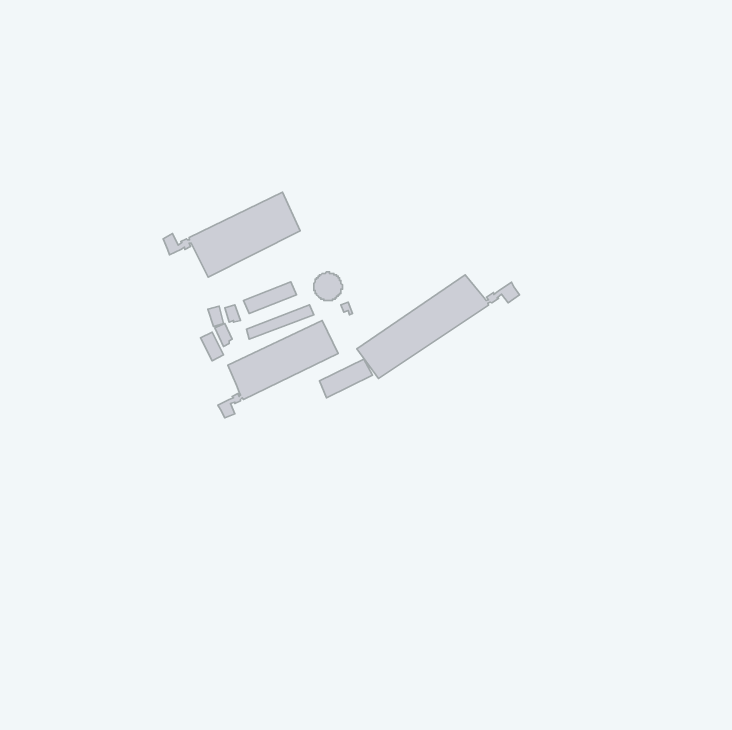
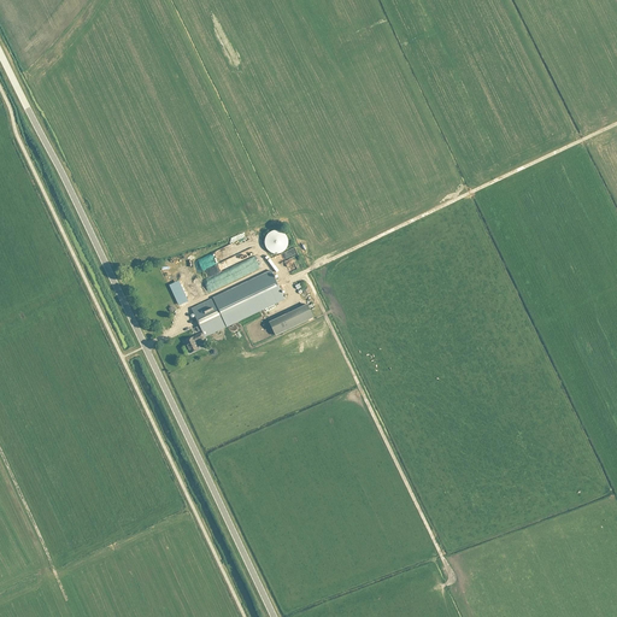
building: [163,192,300,277] -> none
building: [357,275,519,378] -> none

